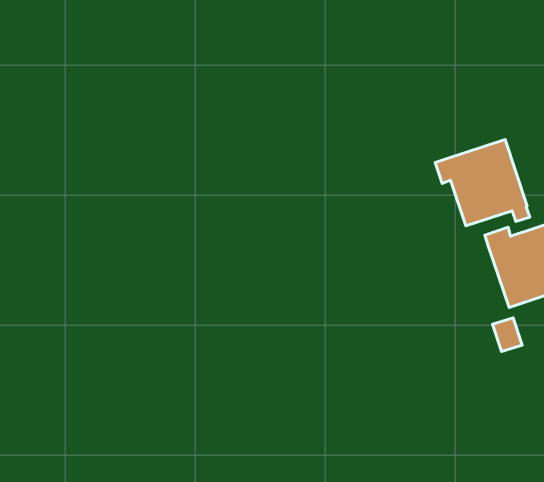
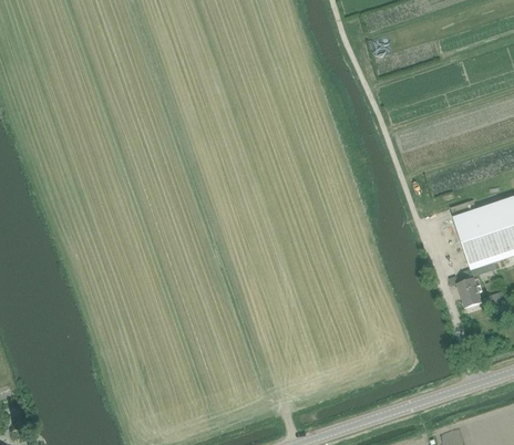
building: [435,140,530,226] -> none

